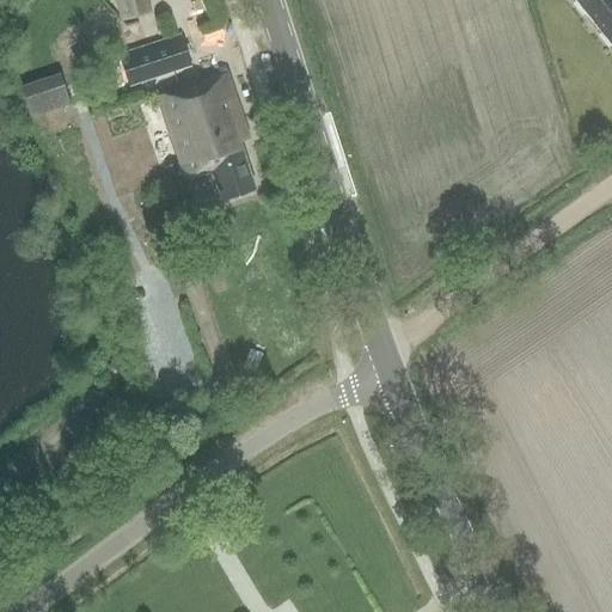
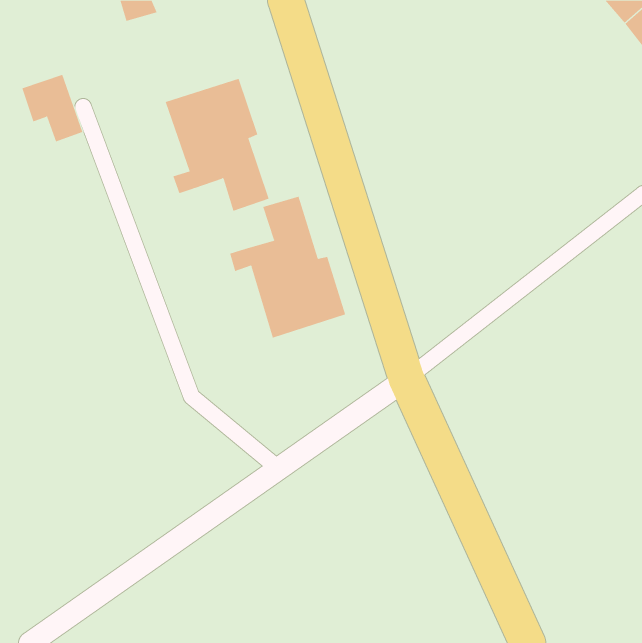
building: [126,19,192,82] -> none
building: none -> [230,196,346,339]

